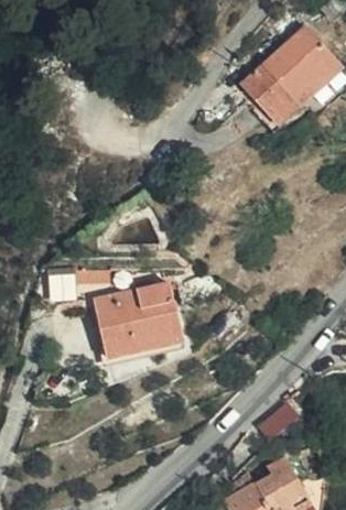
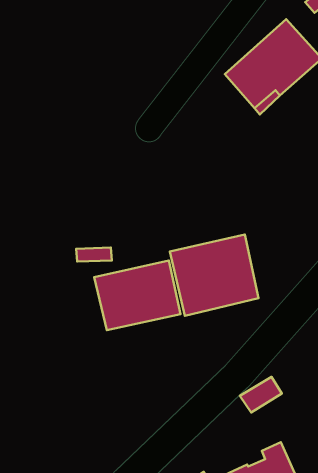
building: none -> [170,234,258,316]

